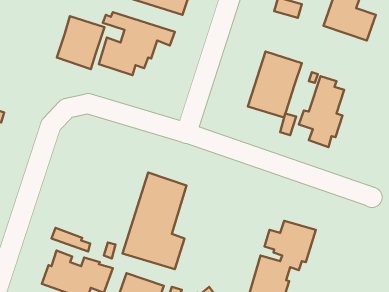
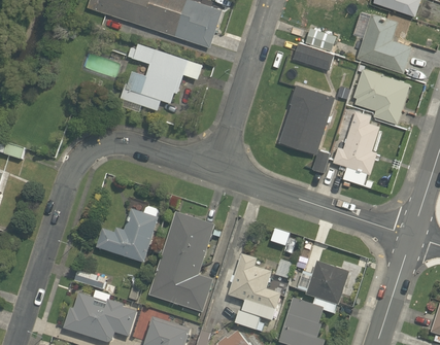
building: none -> [293,43,332,69]
building: [57,16,104,69] -> none
building: none -> [352,68,408,123]
building: none -> [95,207,158,264]
building: none -> [227,252,279,332]

